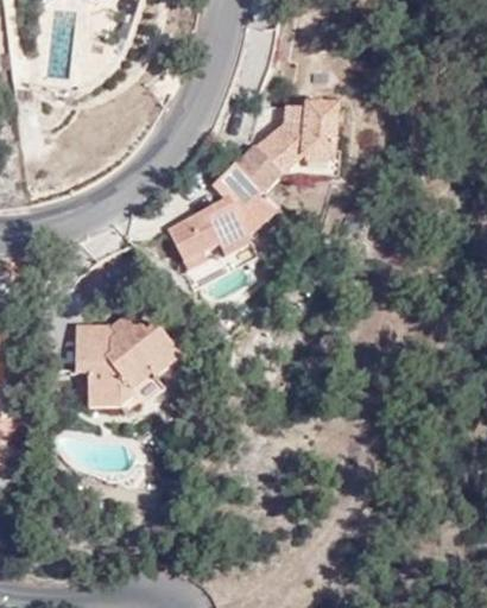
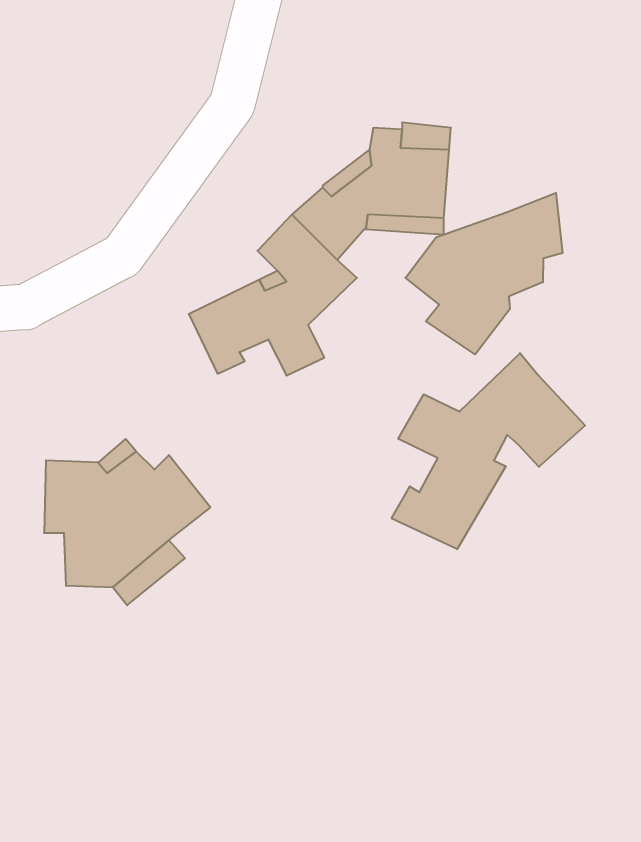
building: none -> [405,193,563,354]
building: none -> [392,353,585,549]

